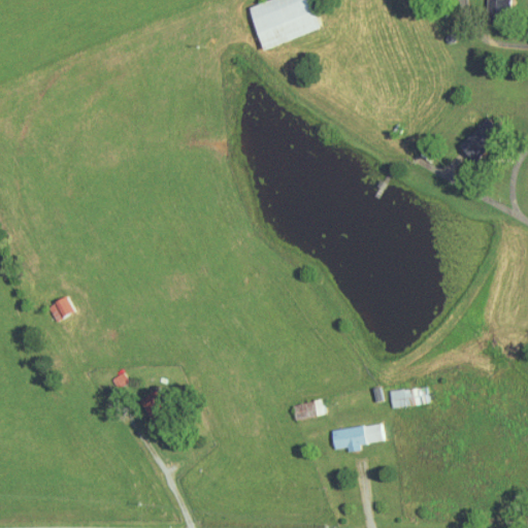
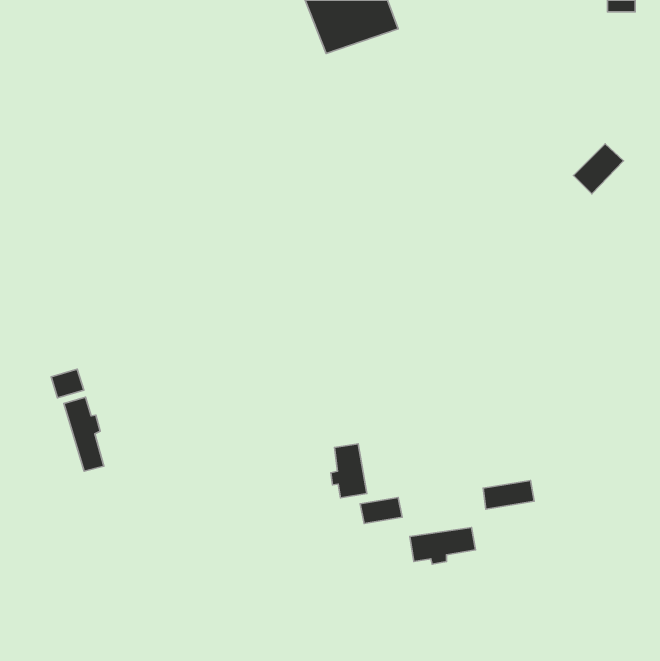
building: none -> [64,397,104,471]
building: none -> [331,444,367,498]

